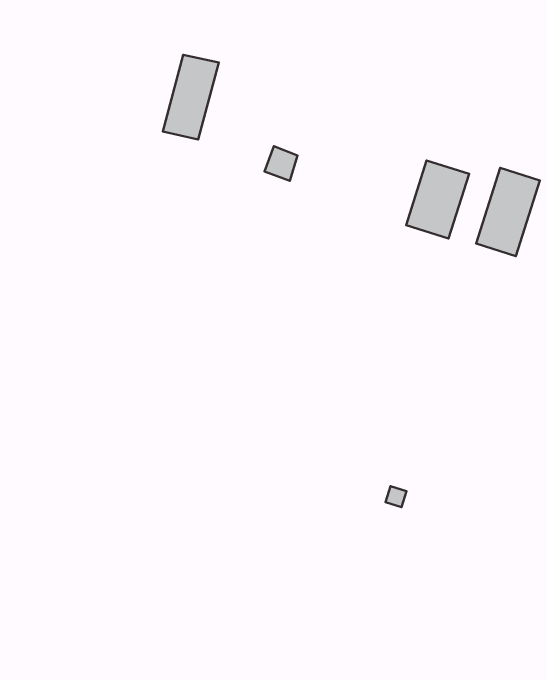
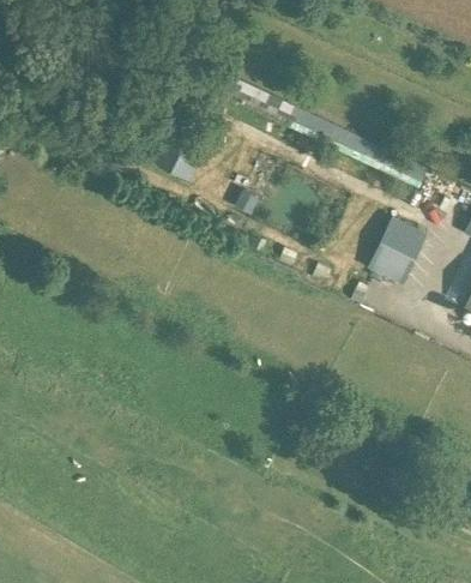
building: [406,161,469,239] -> none

